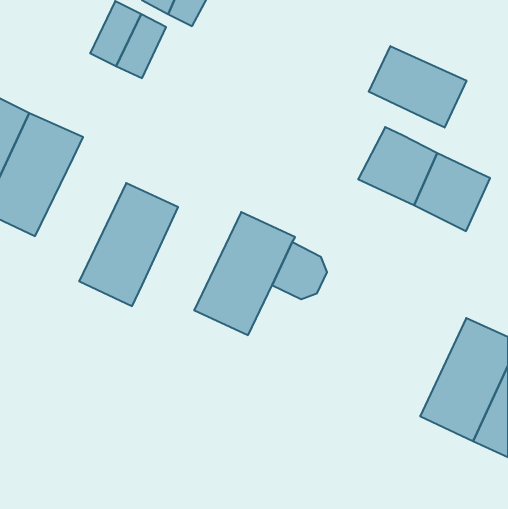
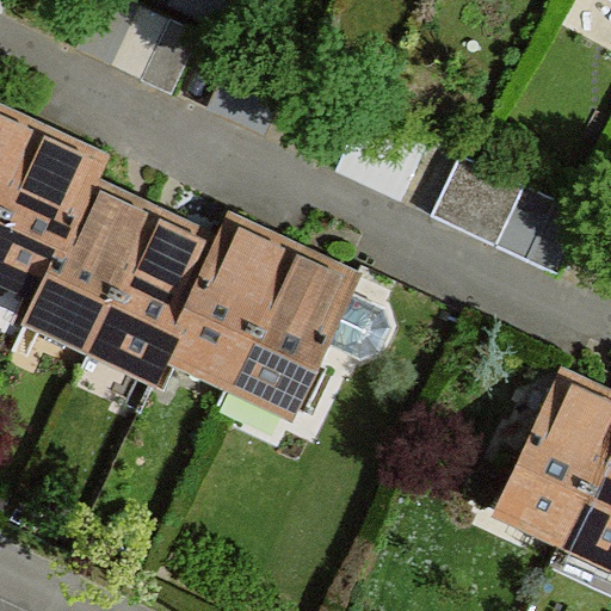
building: [369,46,466,128] -> none
building: none -> [31,189,150,335]
building: none -> [169,222,288,370]

